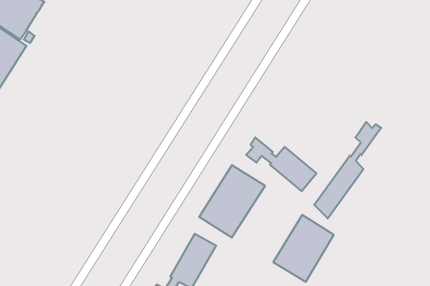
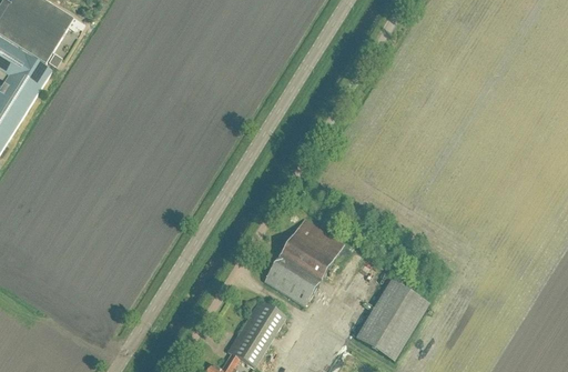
building: [314,122,381,219] -> none
building: [246,137,316,191] -> none

